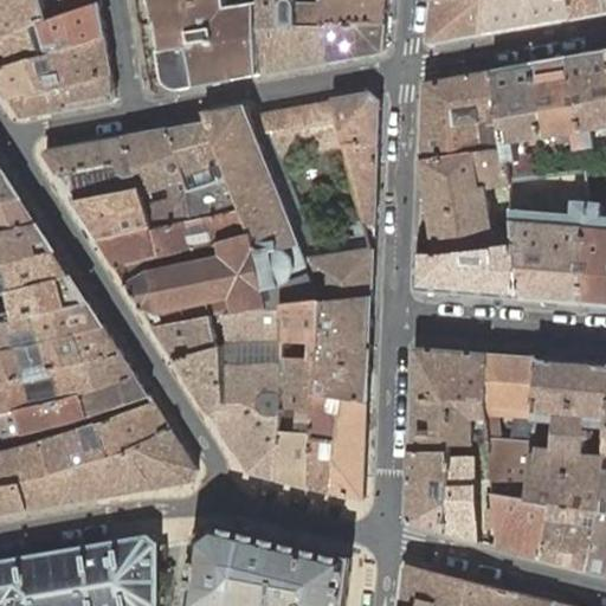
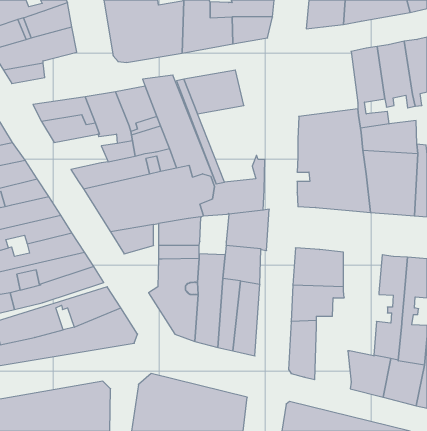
building: [419,72,502,163] -> none
building: [60,73,109,109] -> none
building: [330,92,376,224] -> none
building: [76,188,152,238] -> none
building: [281,299,321,340] -> none
building: [174,343,223,411] -> none
building: [482,354,536,499] -> none
building: [441,457,476,542] -> none

